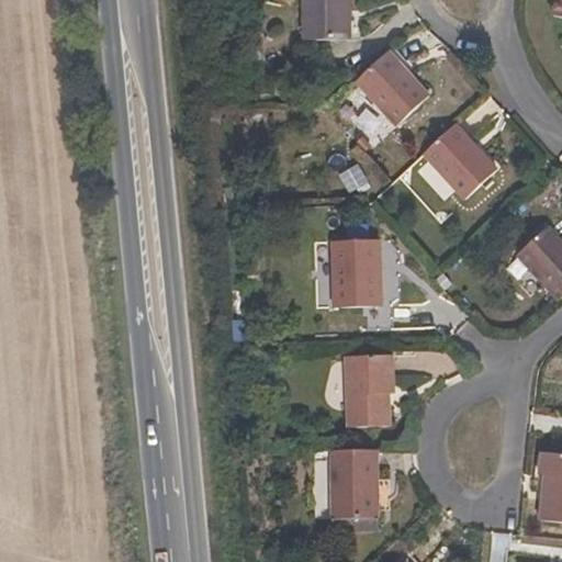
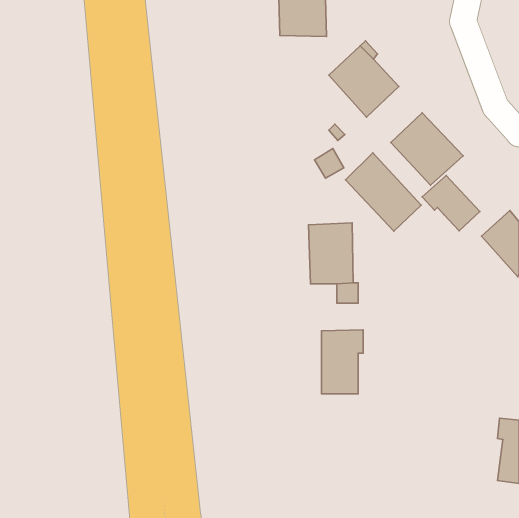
building: none -> [345,153,421,231]
building: none -> [422,176,480,231]
building: [331,450,376,517] -> none

